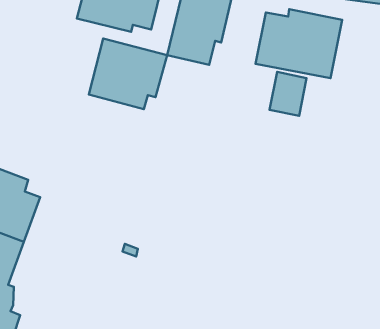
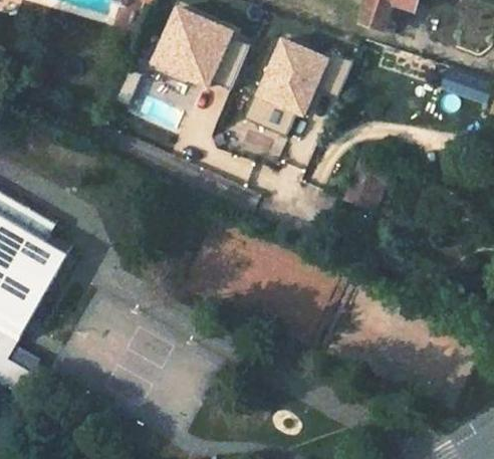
building: [255,9,342,78] -> none
building: [89,39,167,109] -> none

